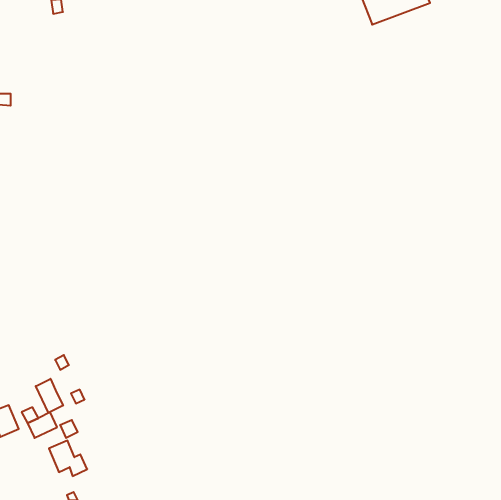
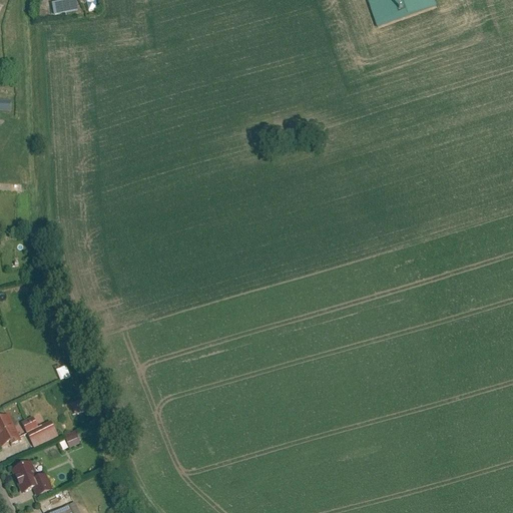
building: [36,379,63,413] -> none
building: [49,441,87,476] -> [12,458,51,494]

